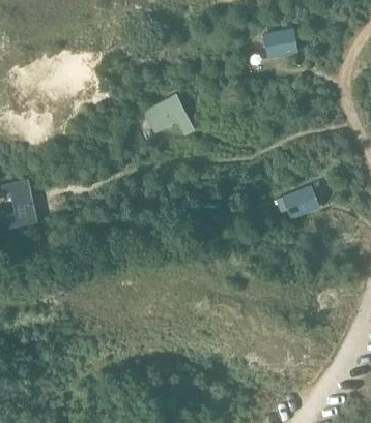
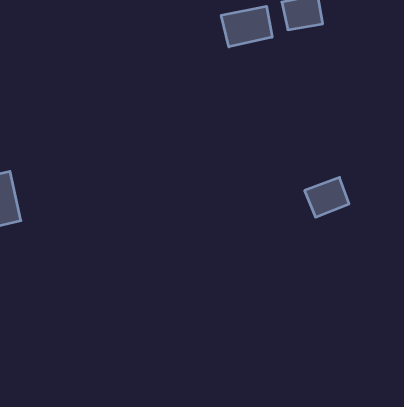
building: none -> [221,6,272,47]
building: [143,96,182,133] -> none

